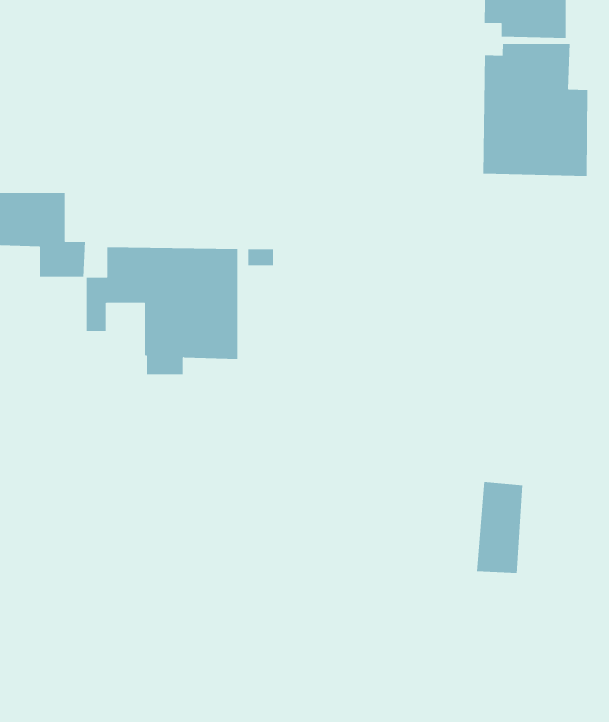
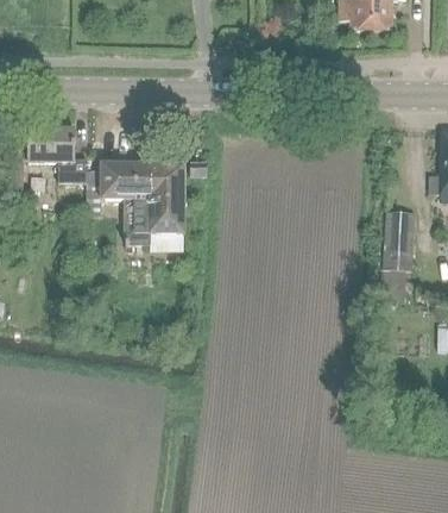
building: [483,43,588,177] -> none
building: [476,481,523,573] -> [384,211,414,269]

